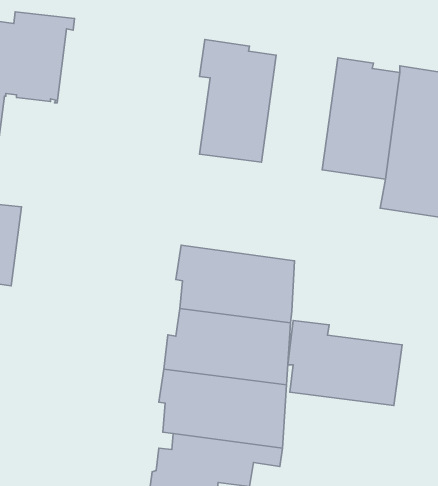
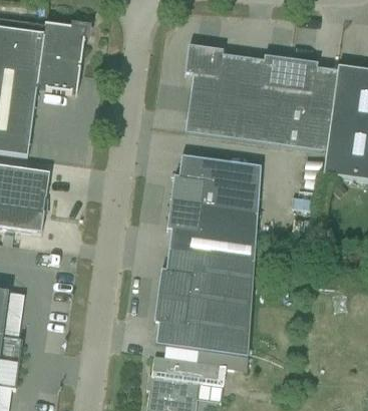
building: none -> [232,54,290,143]
building: none -> [170,154,260,213]
building: [288,321,402,406] -> none

